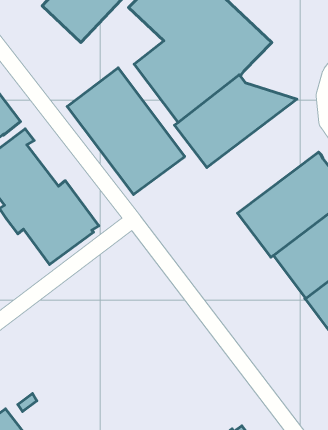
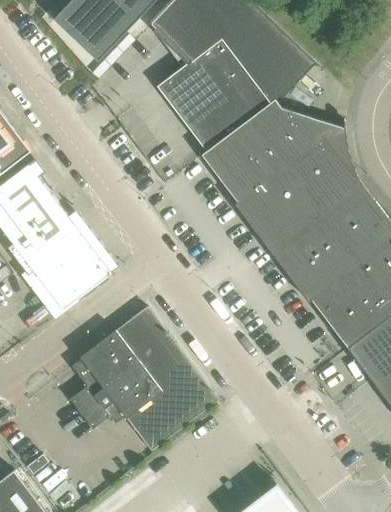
building: [67,68,184,195] -> none
building: none -> [234,120,361,252]
building: none -> [68,306,217,450]

